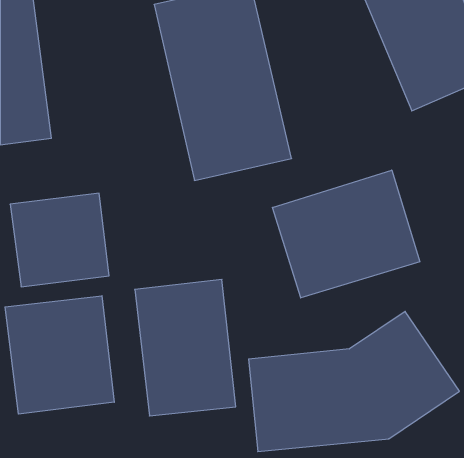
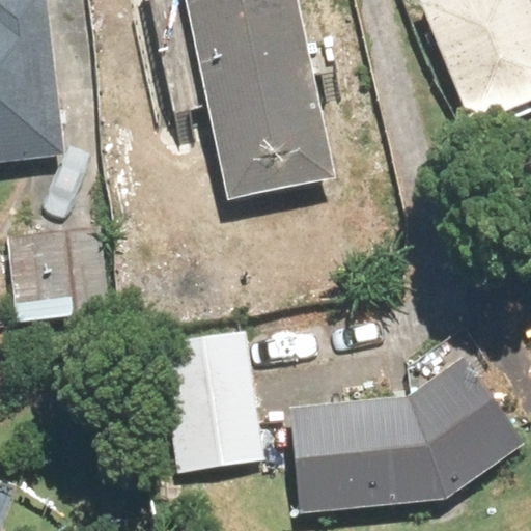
building: [272,170,420,298] -> none
building: [5,296,114,414] -> none

